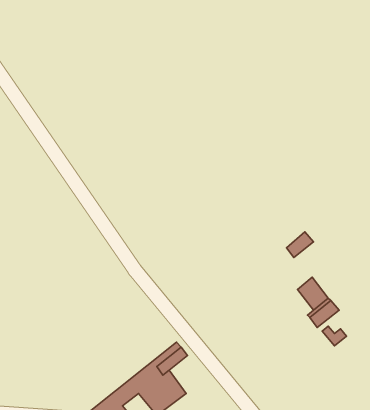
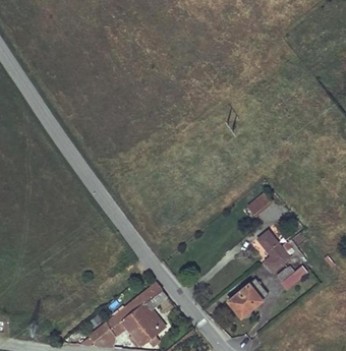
building: none -> [228,282,265,317]

